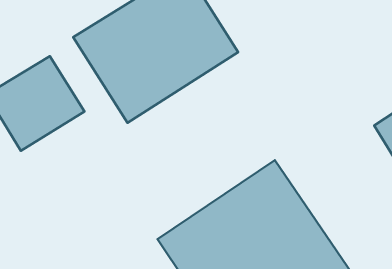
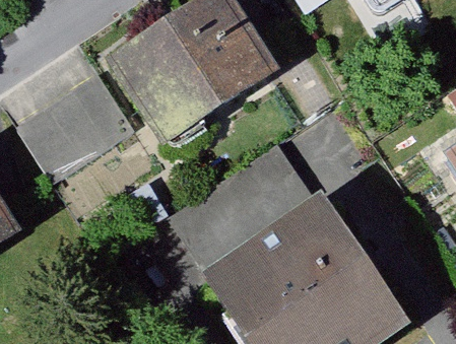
building: none -> [171,145,309,265]

